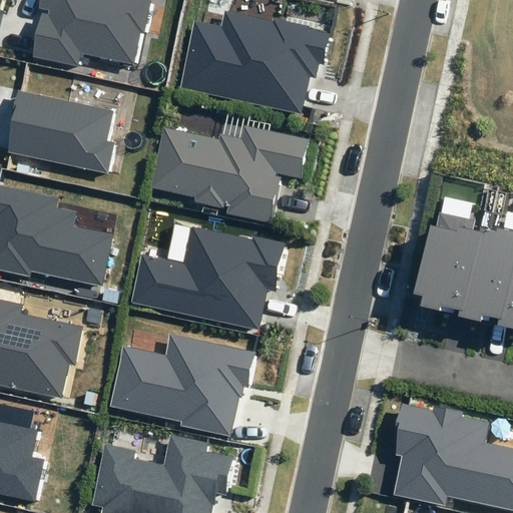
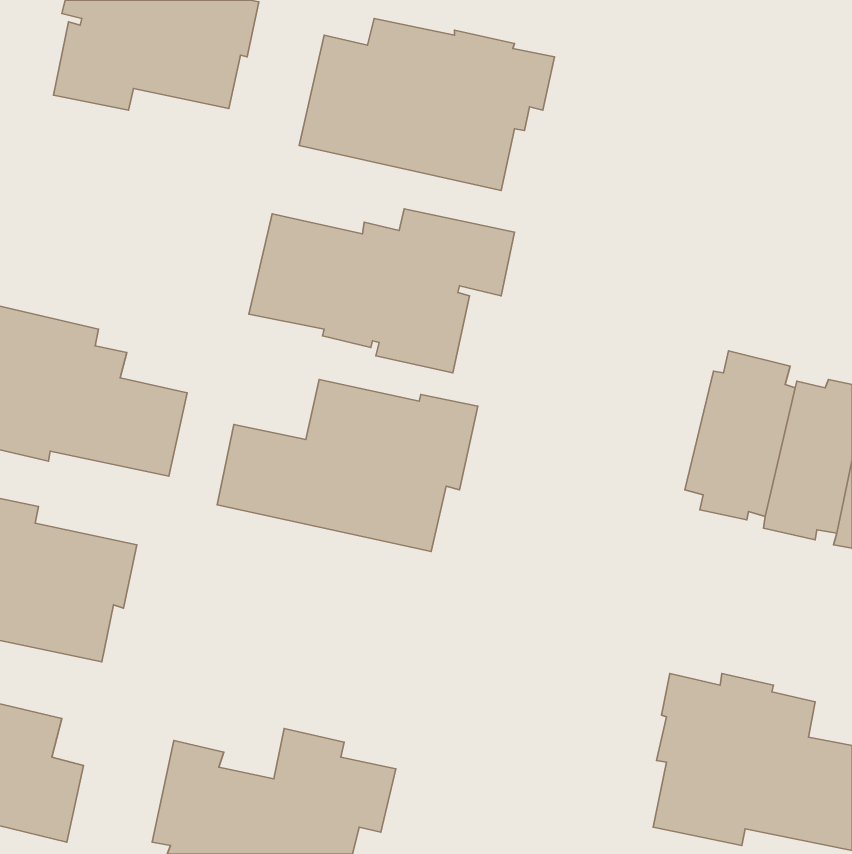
building: [6,91,116,174] -> none
building: [109,335,256,436] -> none

